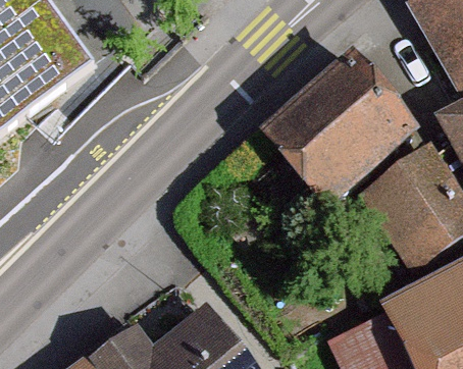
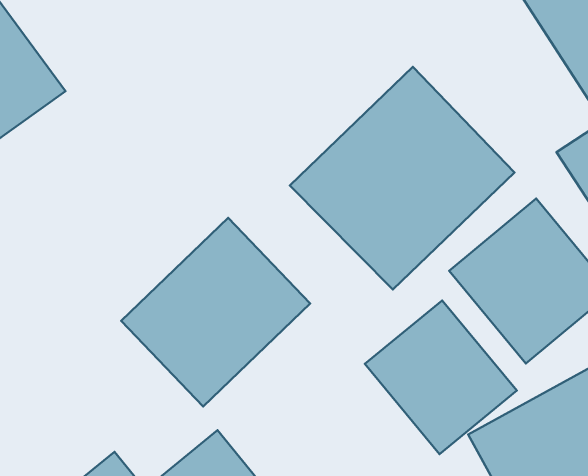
building: none -> [121,218,310,407]
building: none -> [365,300,517,454]

